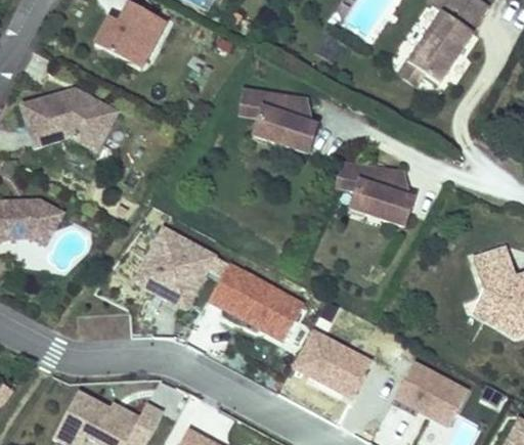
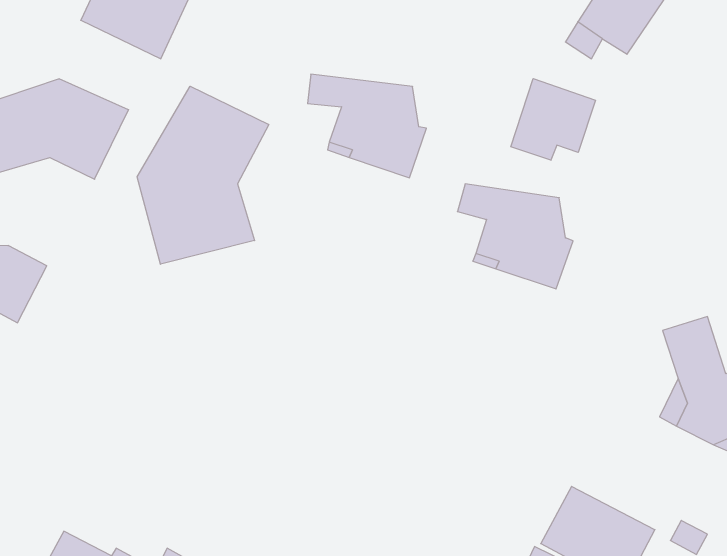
building: none -> [511,79,595,160]
building: none -> [137,86,269,264]
building: [130,222,304,341] -> none
building: [288,325,373,401] -> none

